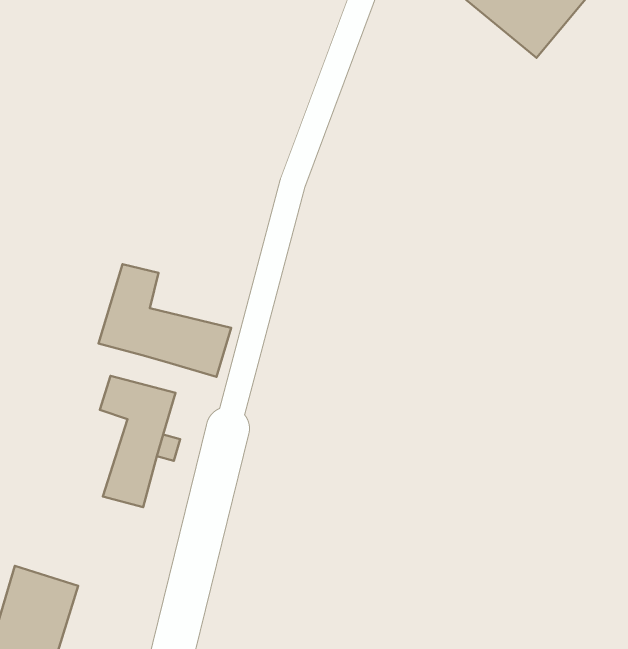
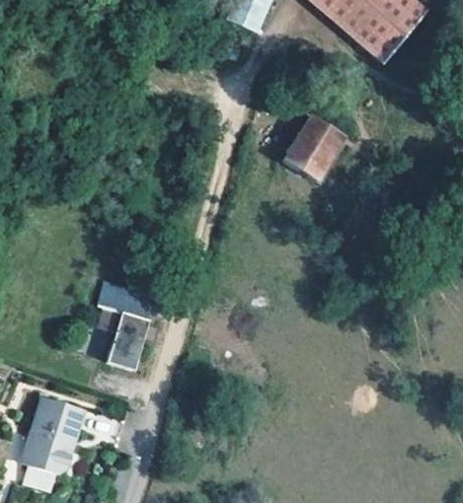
building: none -> [278,112,344,181]
building: [99,264,231,377] -> none

